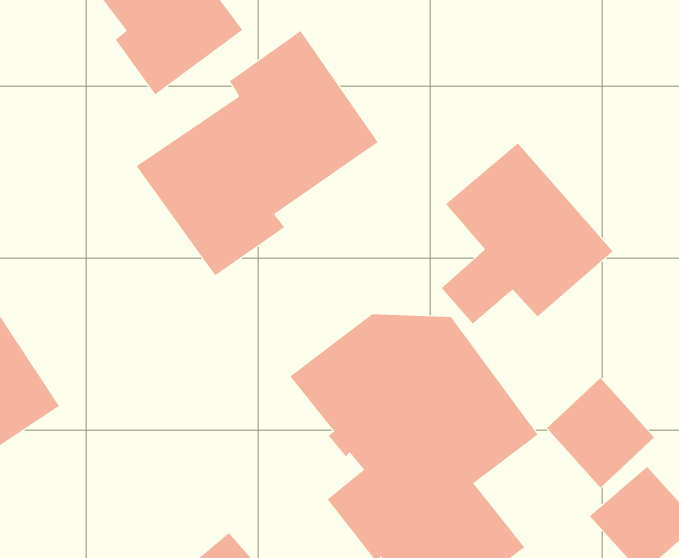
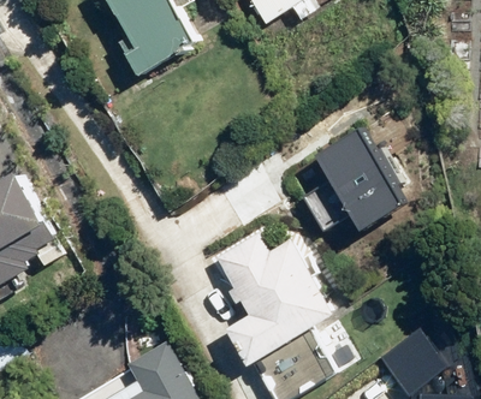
building: [136,30,378,276] -> none
building: [546,377,655,489] -> none

